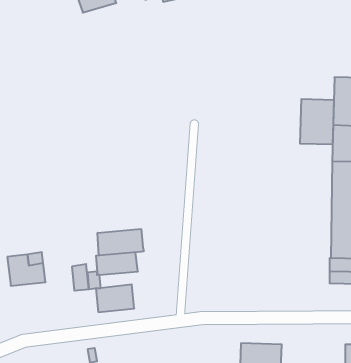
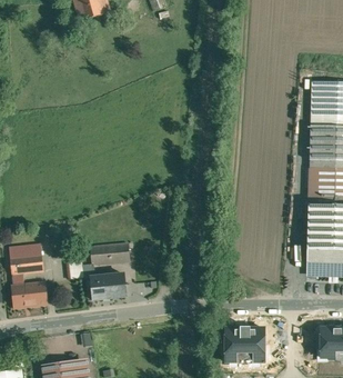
building: [300,99,334,145] -> none
building: [98,229,144,255] -> none
building: none -> [12,273,48,308]

